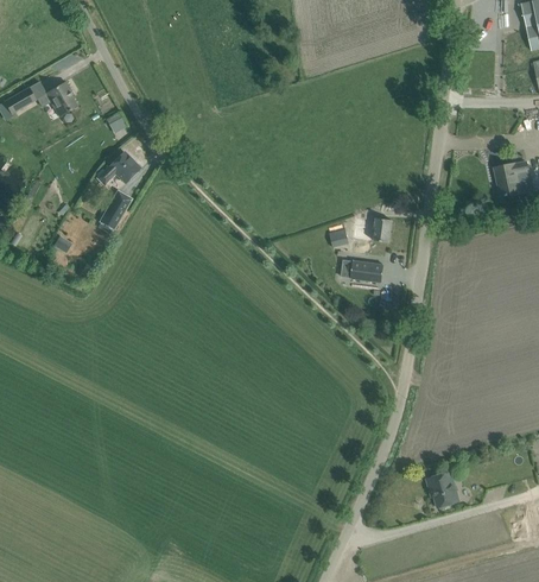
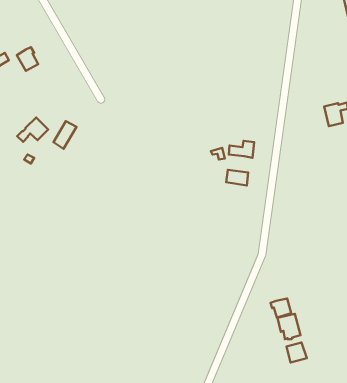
building: [96,150,141,185] -> [17,117,48,142]
building: none -> [271,298,291,317]
building: none -> [286,342,307,362]

